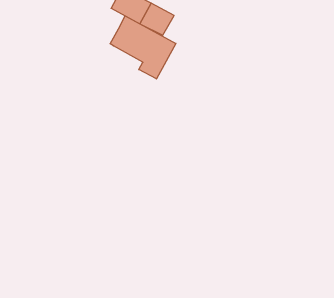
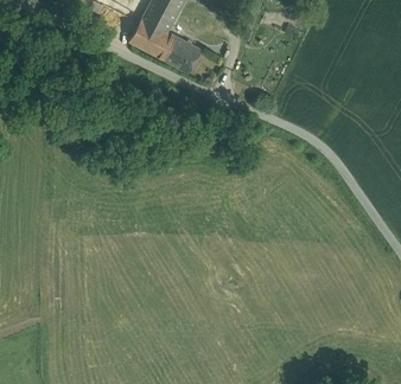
building: [110,16,176,79] -> none

